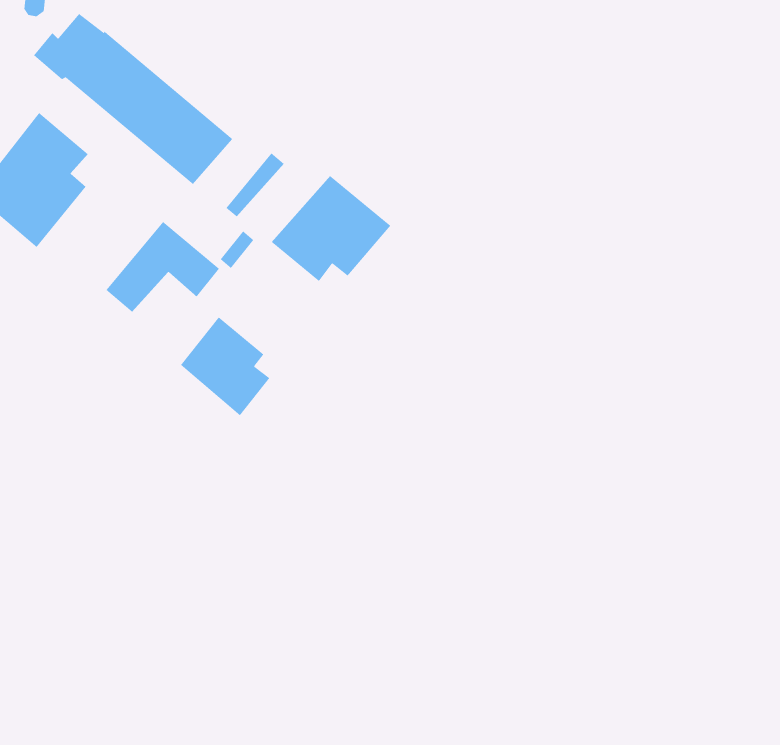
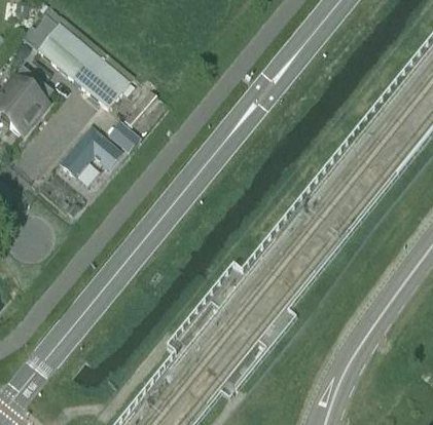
building: [271,175,391,282] -> none
building: [180,316,270,416] -> none

